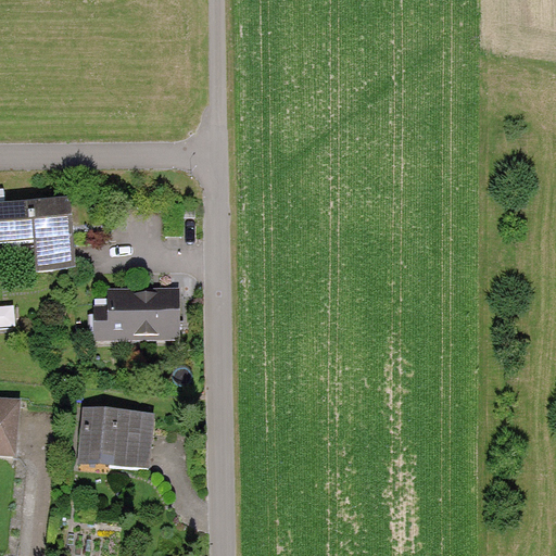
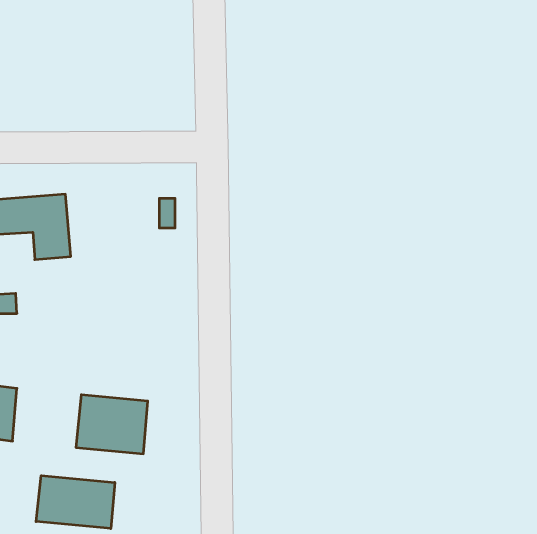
building: [109,292,177,333] -> none
building: none -> [36,476,115,529]

